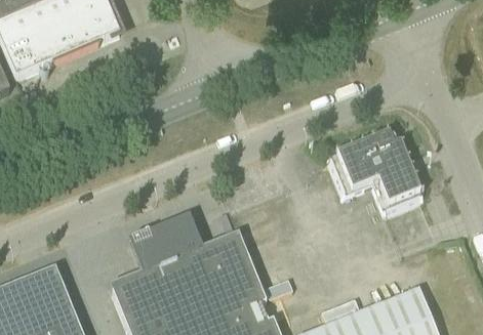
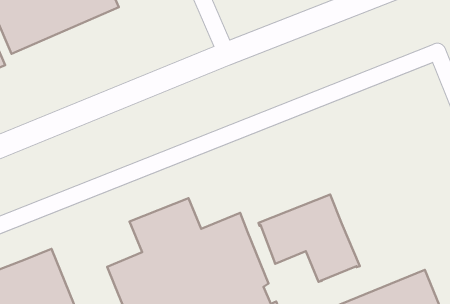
building: [326,131,425,216] -> [258,194,360,282]

